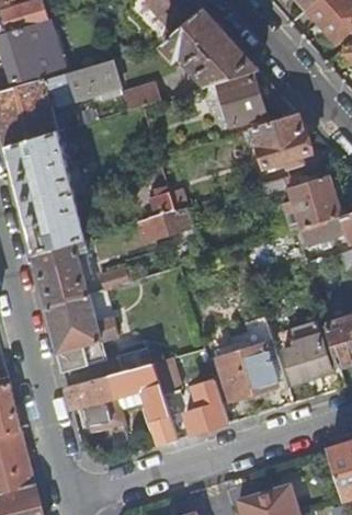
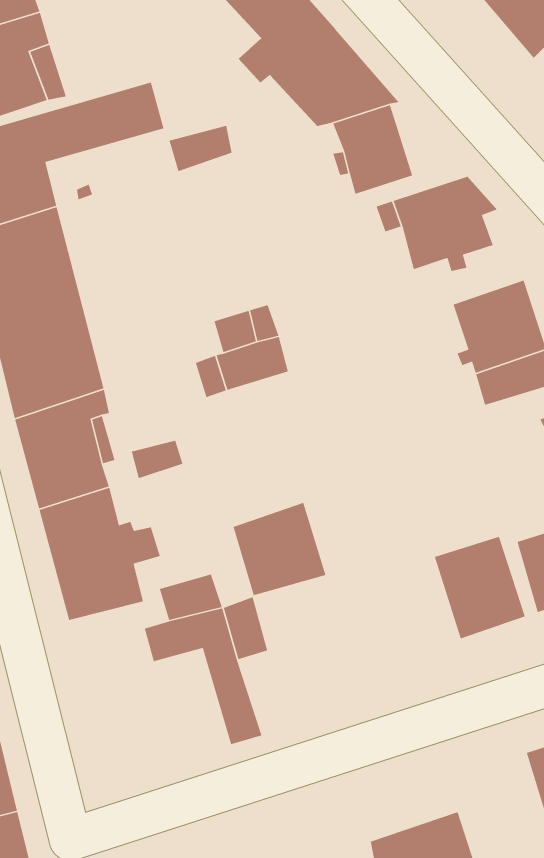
building: [217,343,272,398] -> [232,502,326,596]
building: [67,376,117,425] -> none
building: [184,389,227,433] -> none

